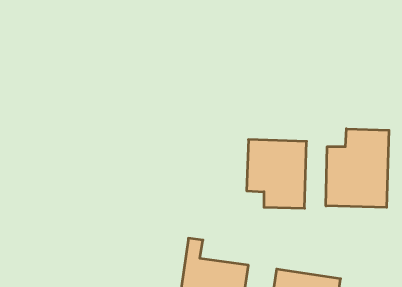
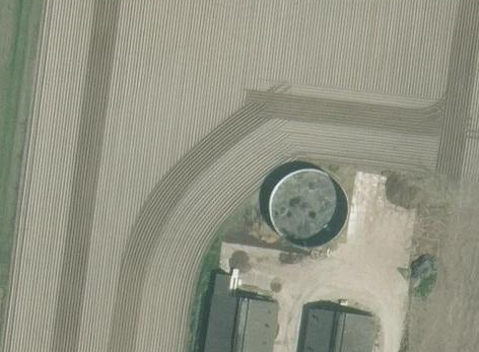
building: [326,129,389,207] -> none

